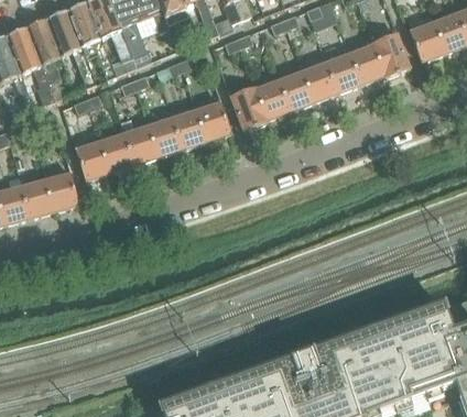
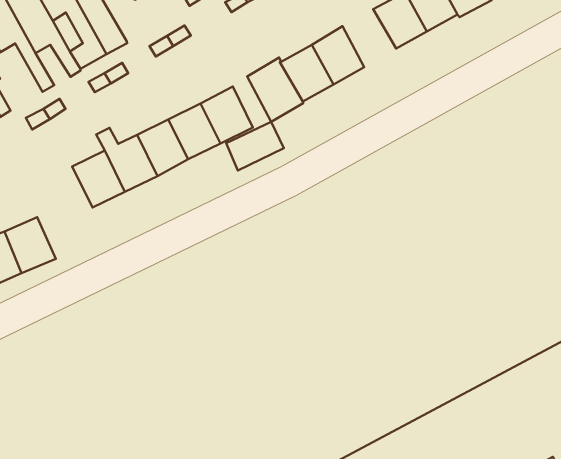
building: [303,63,338,102] -> none
building: none -> [226,122,284,171]
building: [76,142,110,180] -> none

